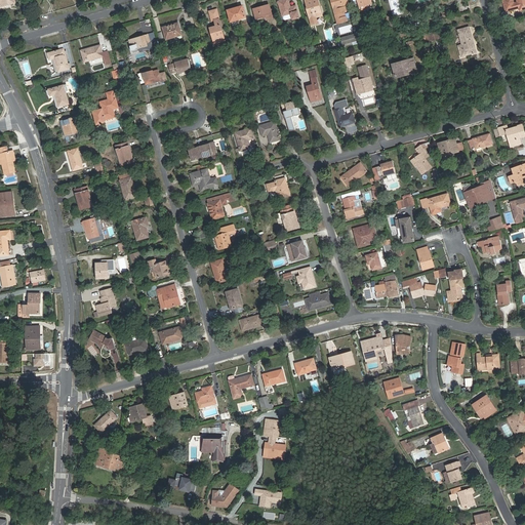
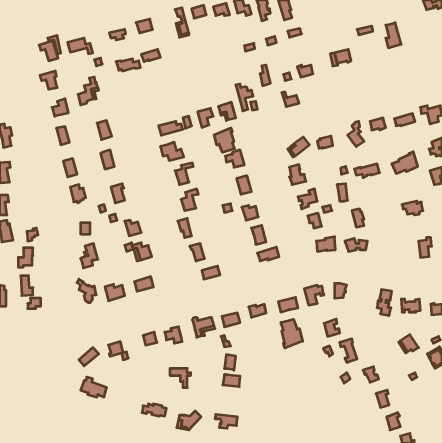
building: none -> [214,128,235,152]
building: [446,270,461,301] -> none
building: none -> [281,319,303,348]

